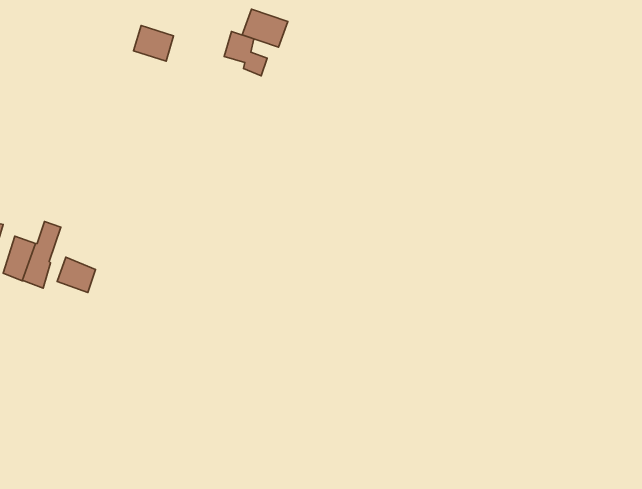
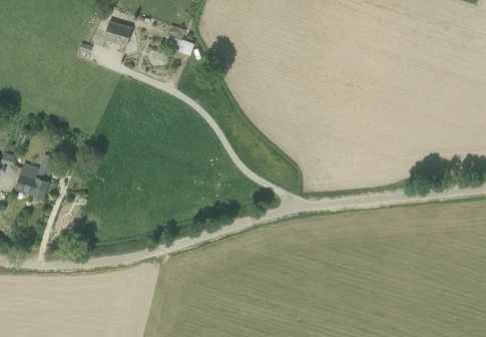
building: [242,9,288,47] -> none
building: [57,257,96,292] -> none

